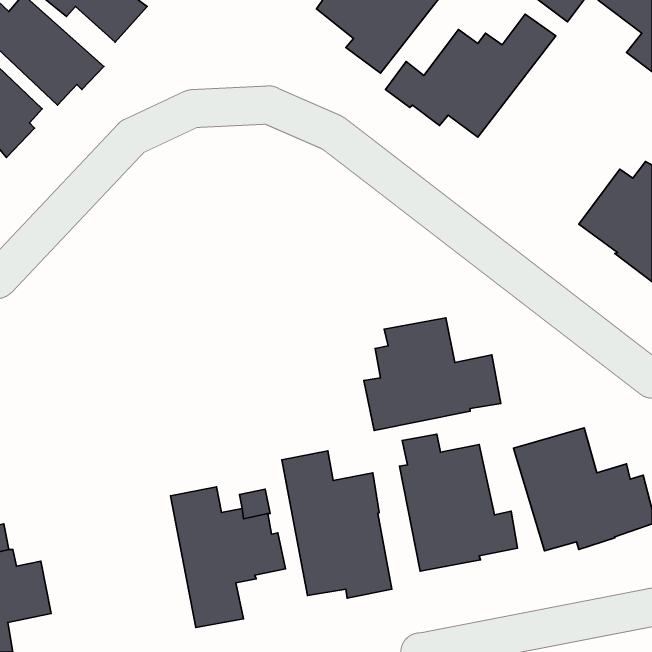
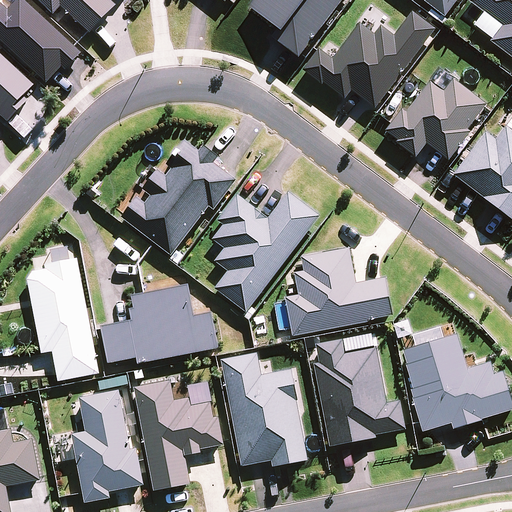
building: none -> [384,78,485,160]
building: none -> [120,141,235,255]
building: none -> [211,191,319,312]
building: none -> [26,259,98,381]
building: none -> [100,285,217,364]
building: none -> [71,389,142,502]

